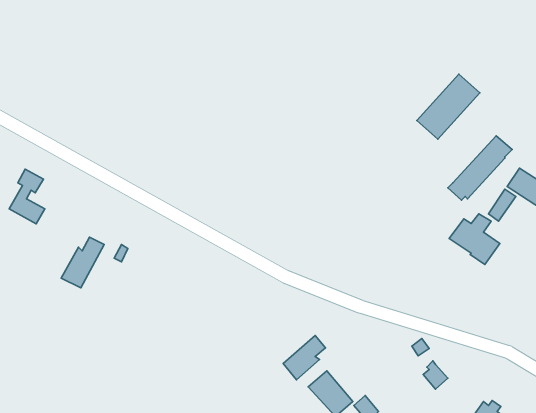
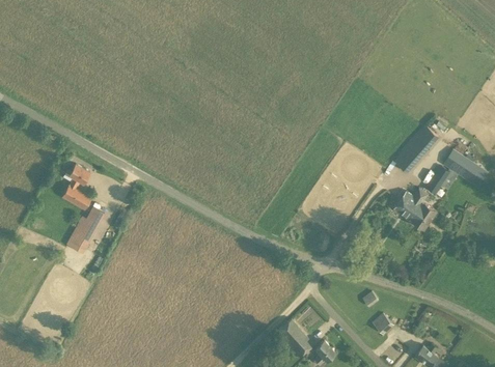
building: [417,74,480,139] -> none
building: [9,169,45,224] -> [60,163,90,208]
building: [283,335,325,380] -> none

